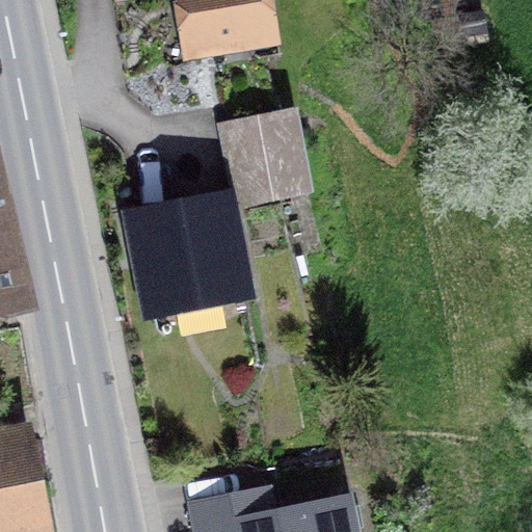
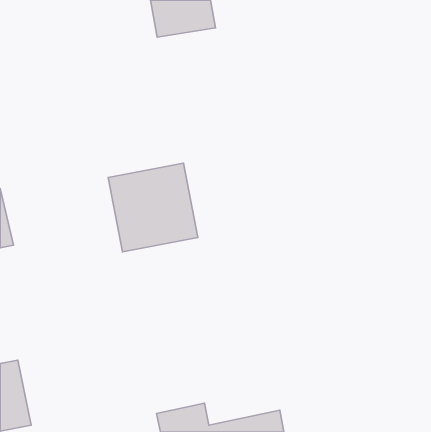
building: [228,116,303,201] -> none

